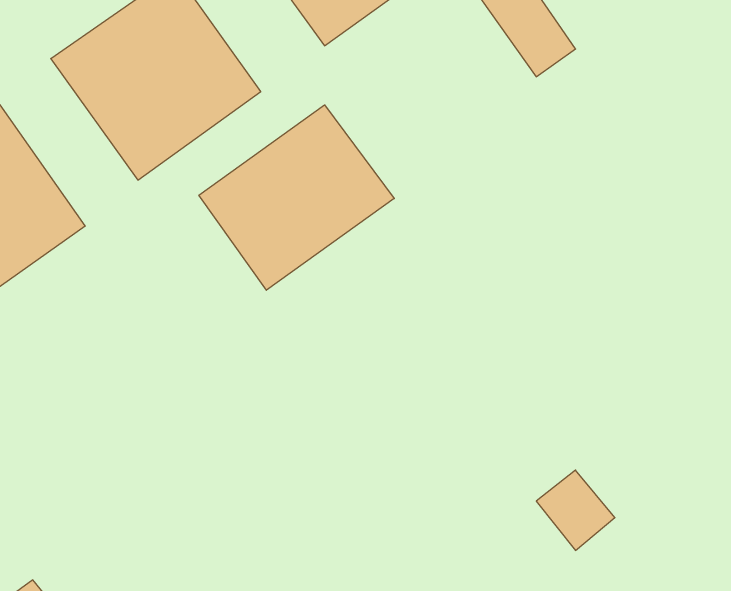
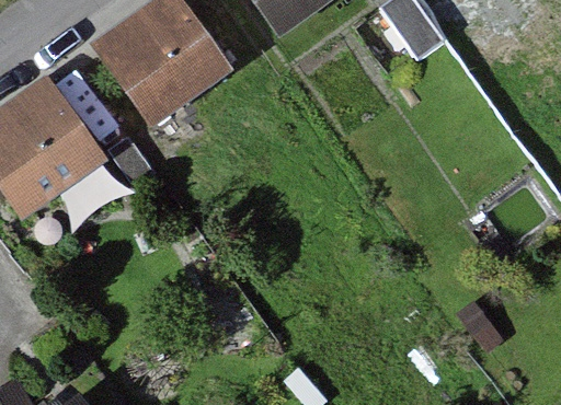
building: [199,105,394,290] -> none

